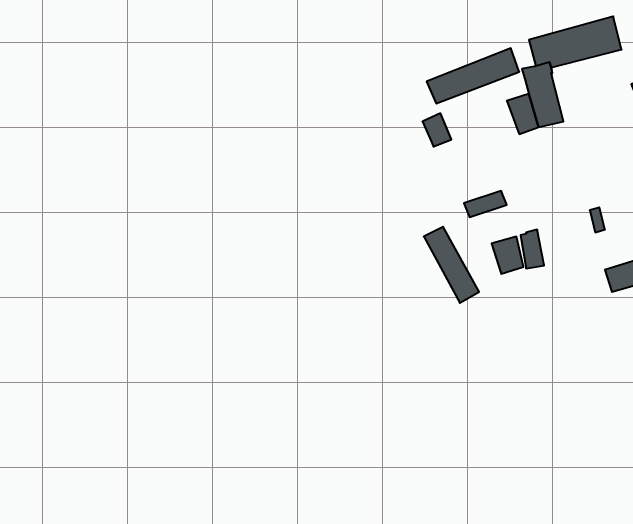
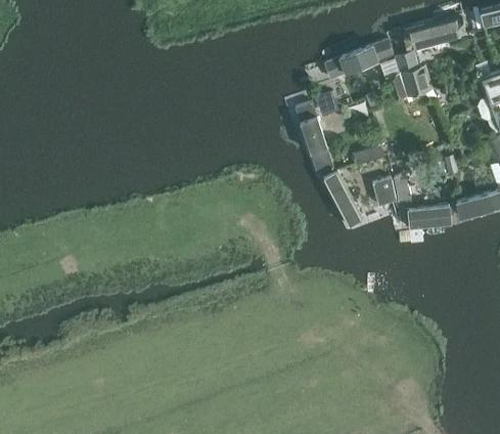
building: none -> [294,99,334,173]
building: none -> [408,205,451,227]

